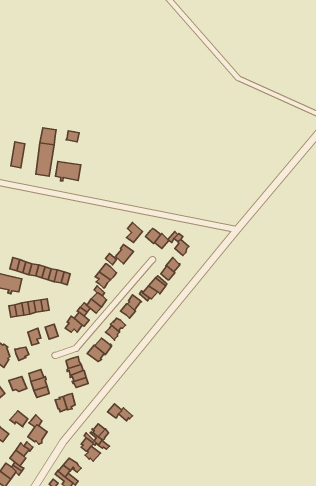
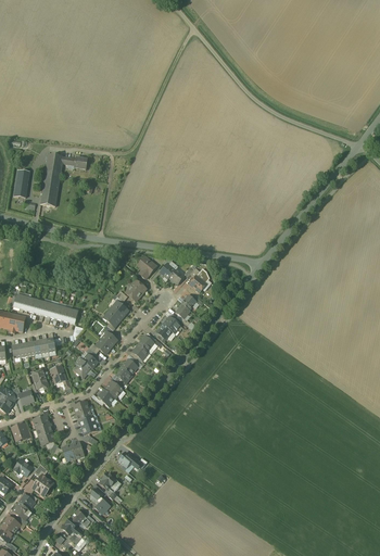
building: [56,161,81,181] -> none

